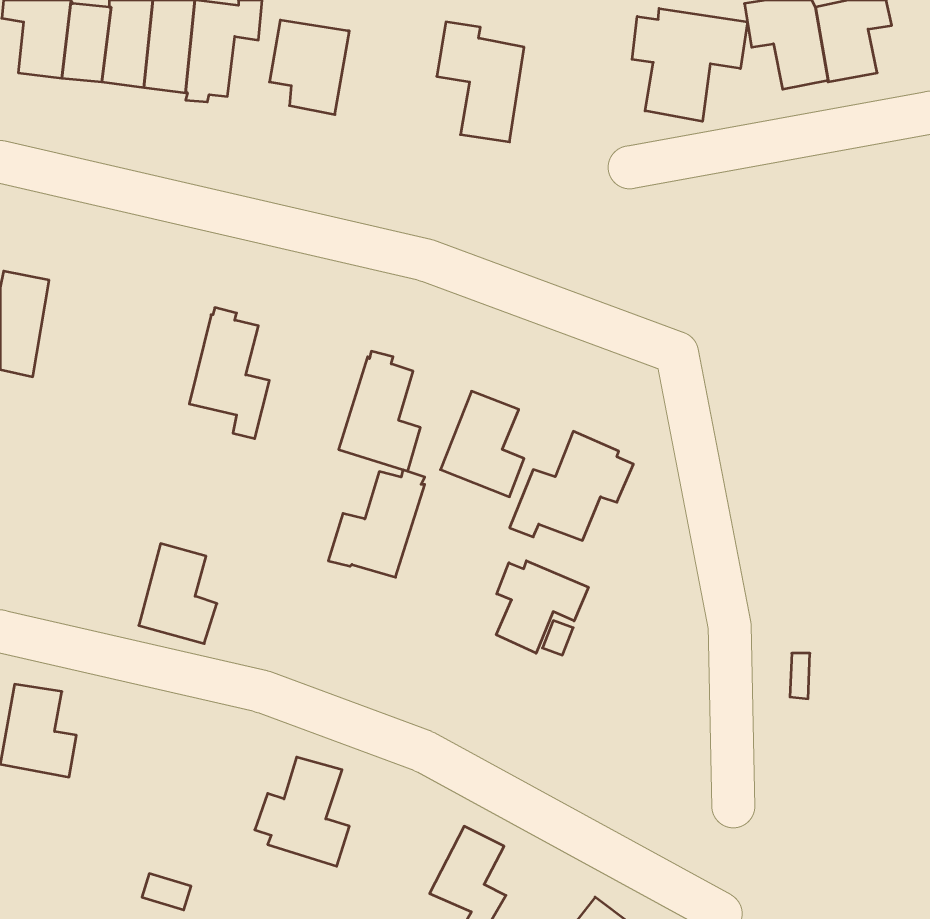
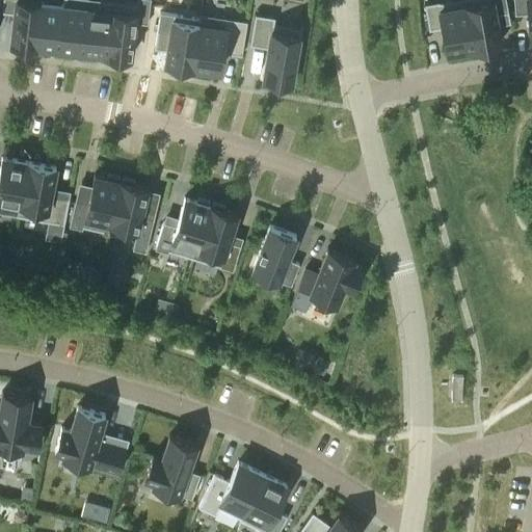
building: [632,8,747,121] -> none
building: none -> [191,19,228,76]
building: none -> [19,166,69,230]
building: none -> [69,179,121,237]
building: [328,470,425,577] -> [155,202,210,263]
building: [139,544,217,644] -> [71,411,115,469]
building: [496,561,588,653] -> none
building: none -> [206,466,265,516]

